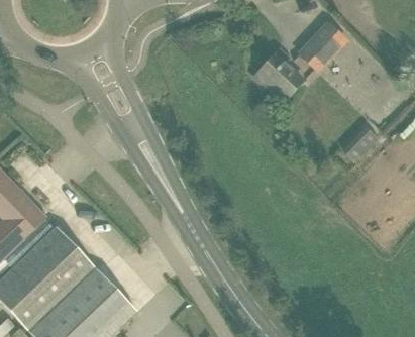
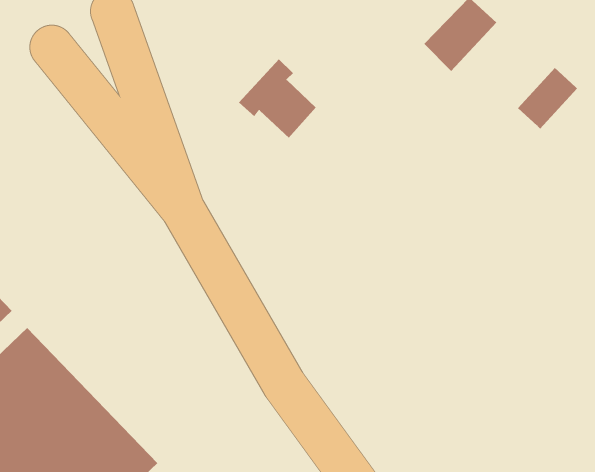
building: [253,48,302,98] -> [238,58,317,139]
building: [340,124,378,162] -> [517,67,578,129]

